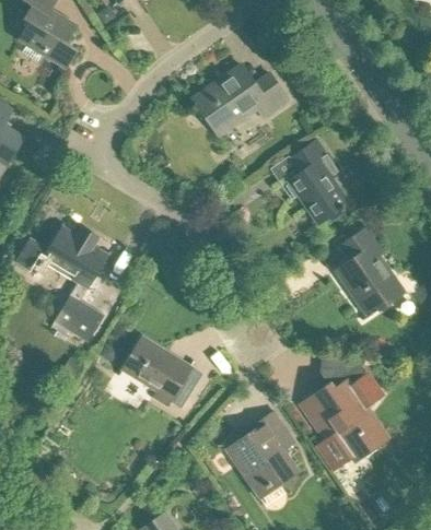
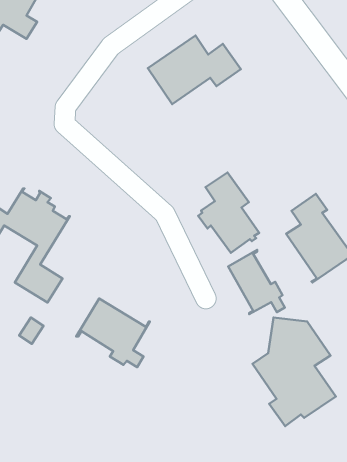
building: [286,141,349,224] -> [198,173,259,253]
building: none -> [228,250,285,314]
building: [226,411,299,498] -> none

